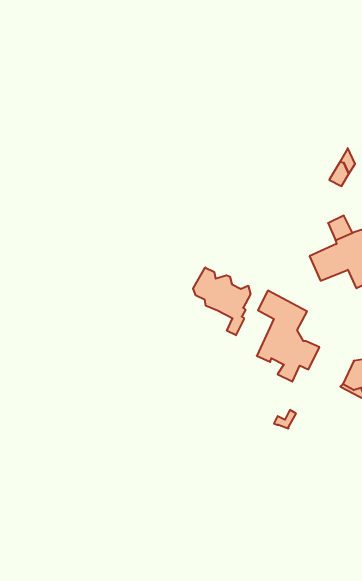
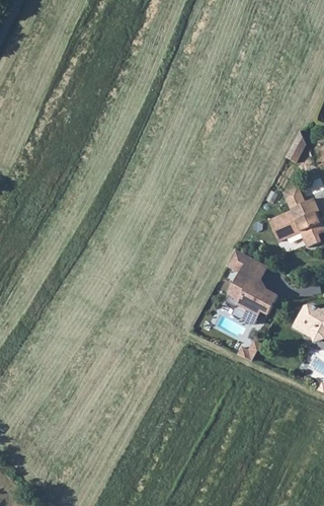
building: [193,267,250,335] -> none

